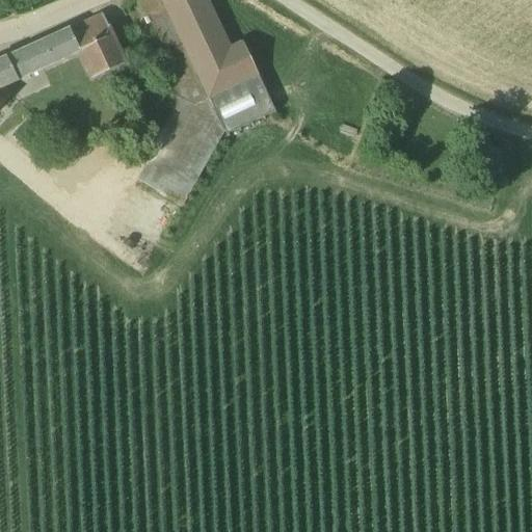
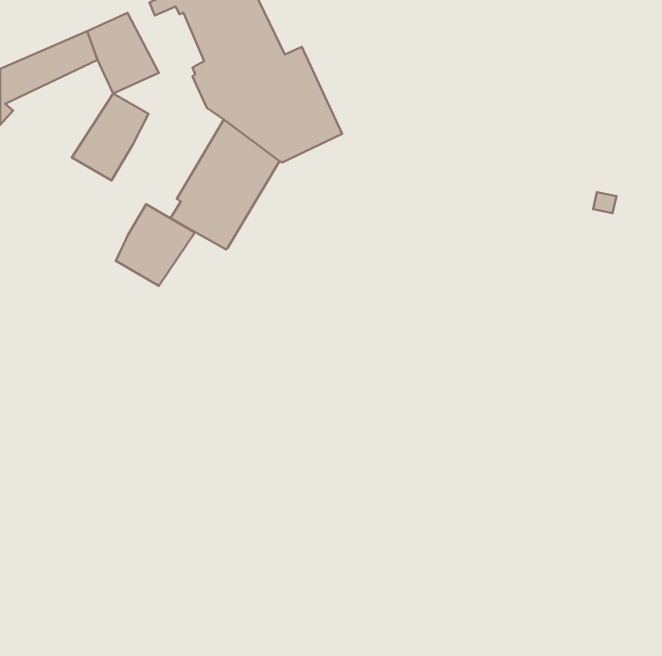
building: none -> [72,94,148,181]
building: none -> [116,204,195,286]

